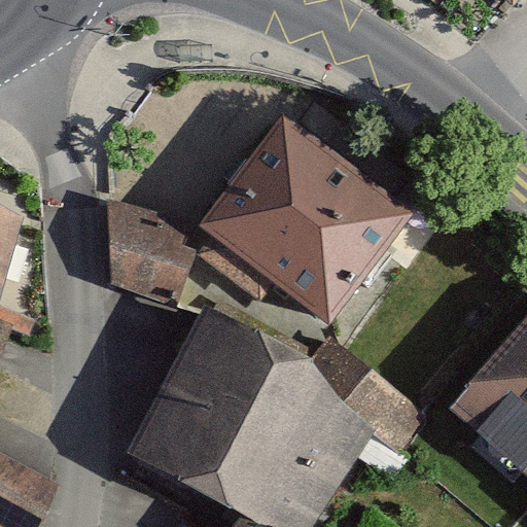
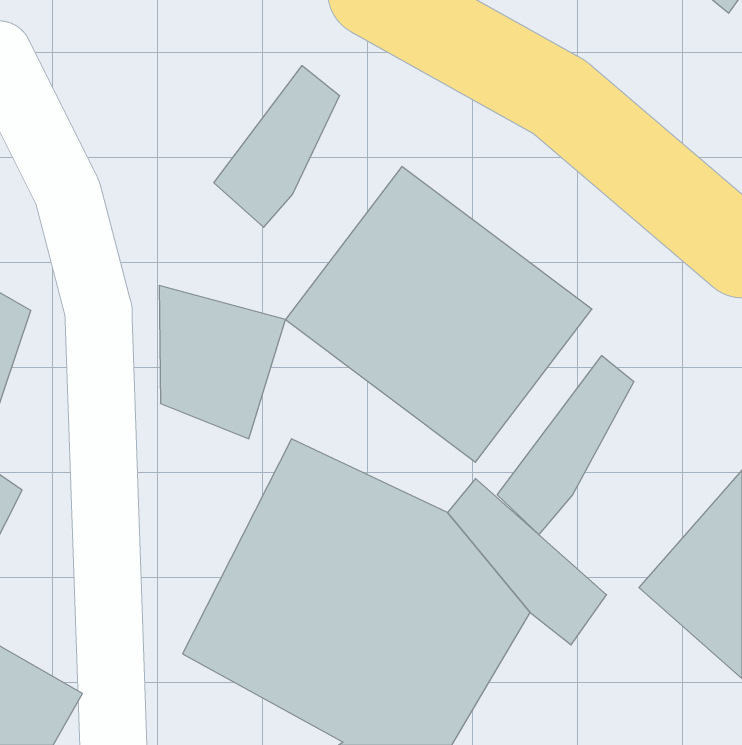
building: none -> [214,66,339,227]
building: none -> [497,356,634,535]

